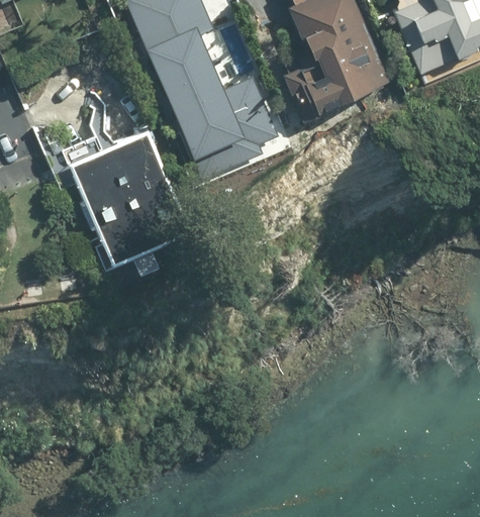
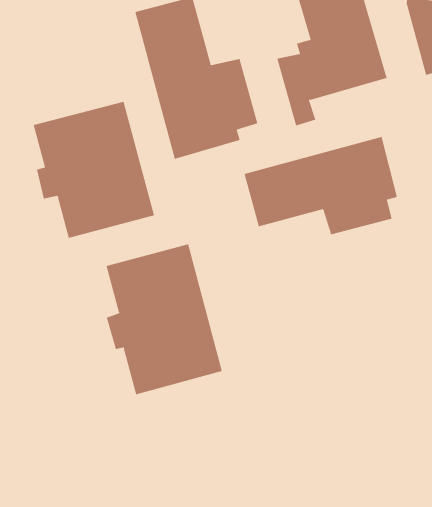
building: none -> [244,136,397,235]
building: none -> [106,243,223,395]

